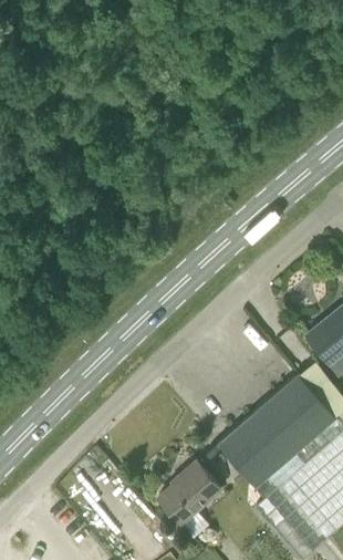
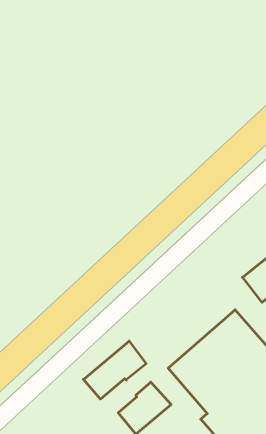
building: none -> [83,341,146,399]

